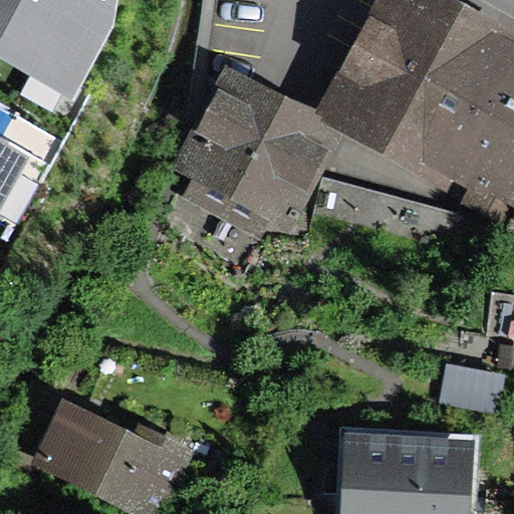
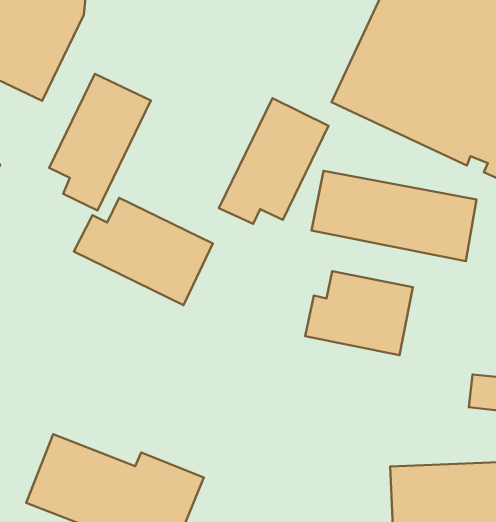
building: [184,82,279,206] -> [49,74,151,211]
building: none -> [74,198,213,305]
building: none -> [305,271,413,355]

